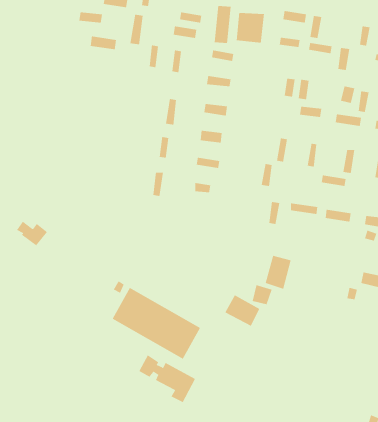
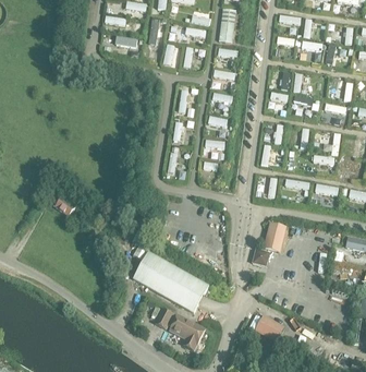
building: [236,12,265,43] -> none
building: [224,295,260,327] -> [254,315,284,343]

